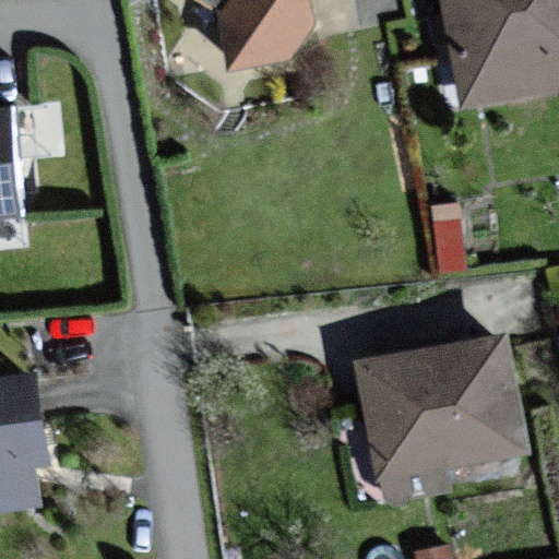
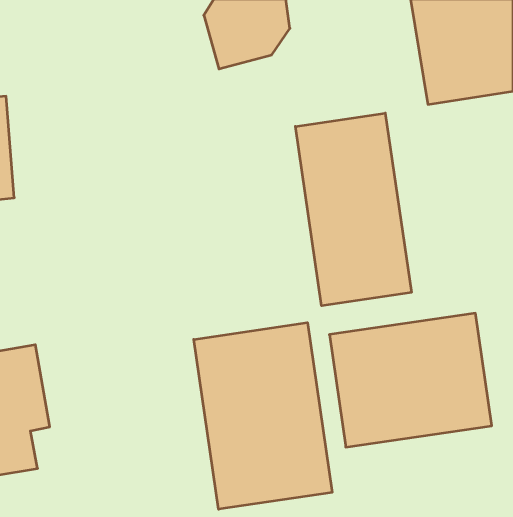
building: none -> [295,113,411,306]
building: none -> [194,323,332,509]

